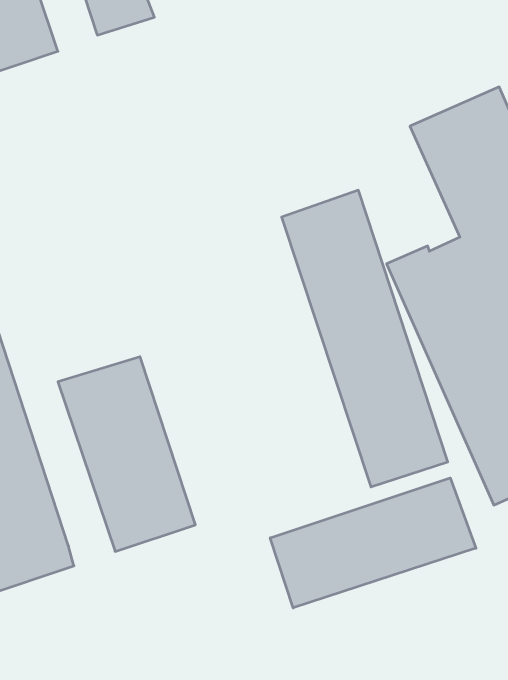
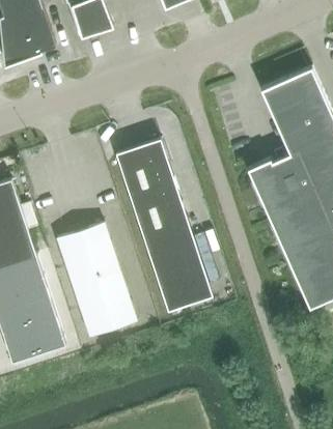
building: [282,190,448,487] -> [116,139,213,311]
building: [270,478,476,608] -> none

